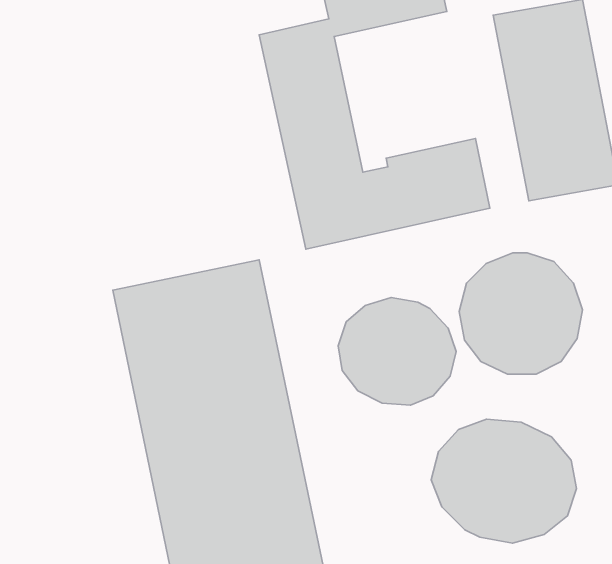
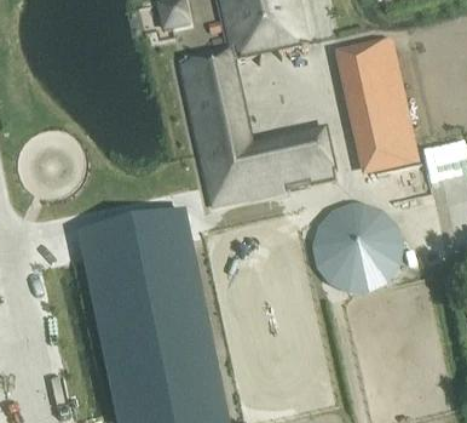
building: [338,298,456,405] -> none
building: [431,419,576,543] -> none

